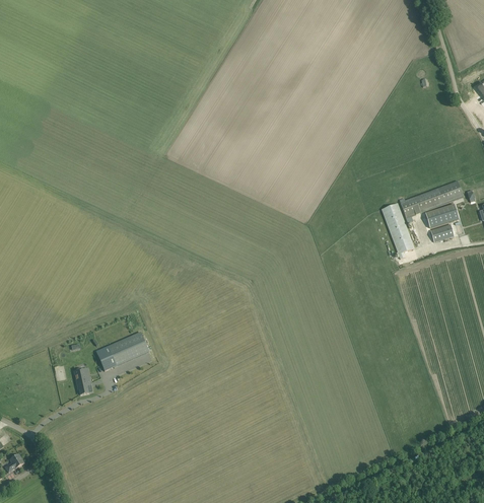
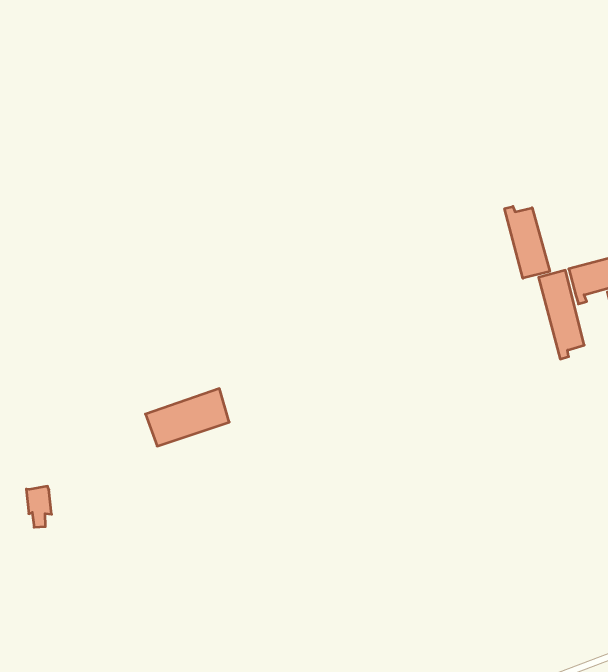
building: none -> [505,206,550,278]
building: [96,332,149,371] -> [145,389,229,446]

